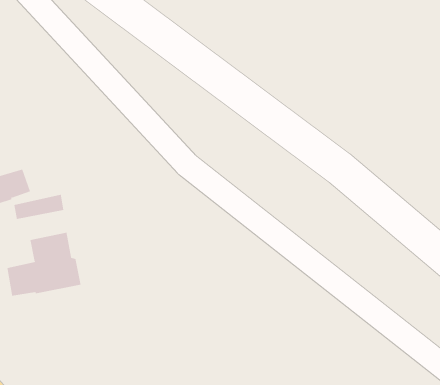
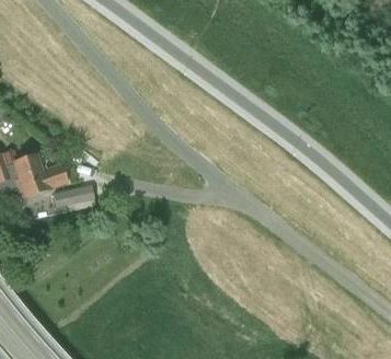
building: [7,232,81,296] -> none

